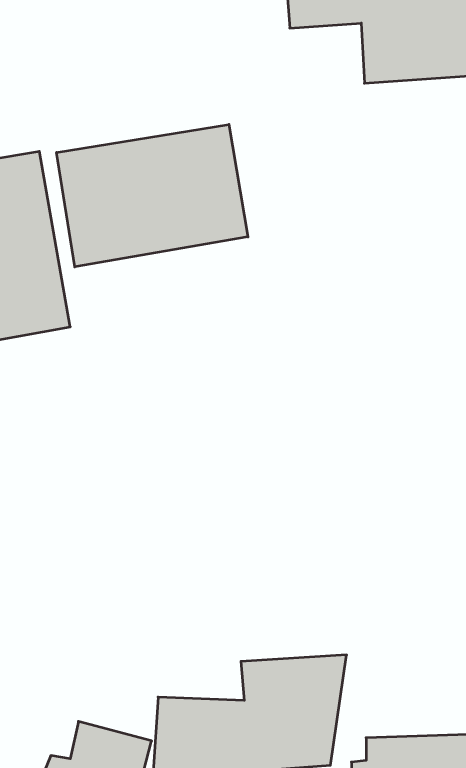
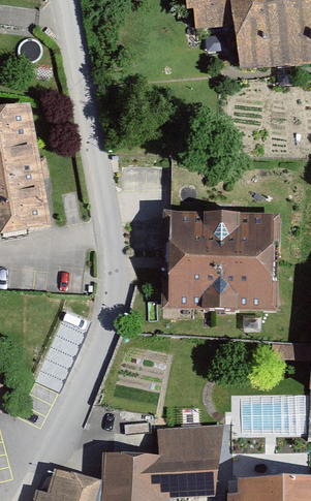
building: [57,124,248,267] -> none
building: none -> [167,216,277,303]

